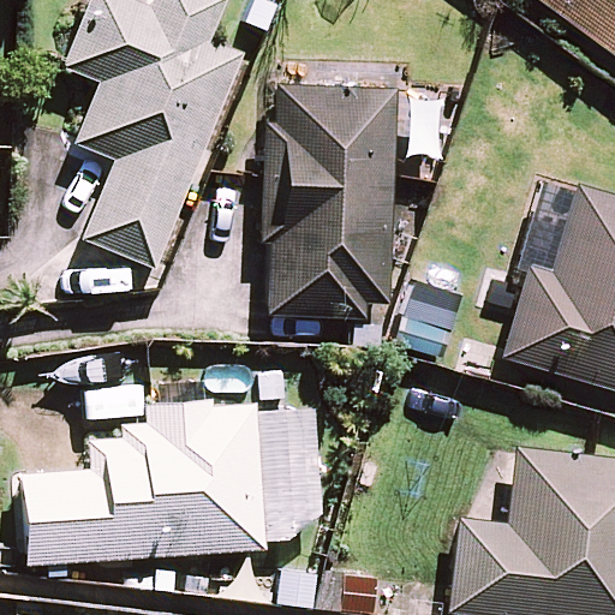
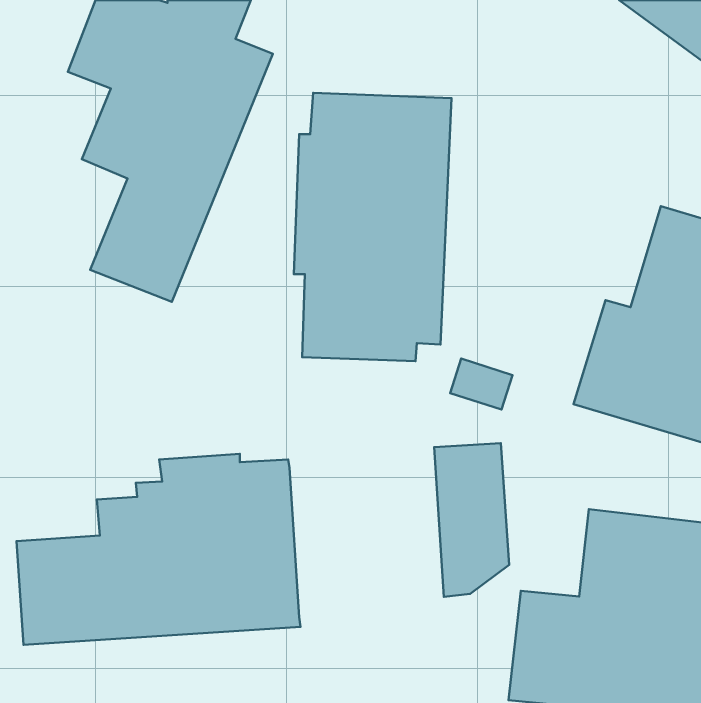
building: [257,406,322,539] -> [434,443,509,597]

